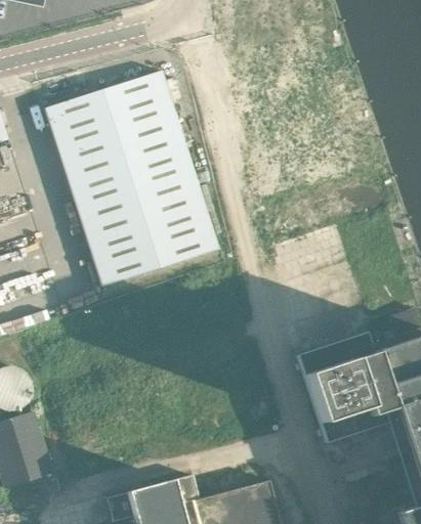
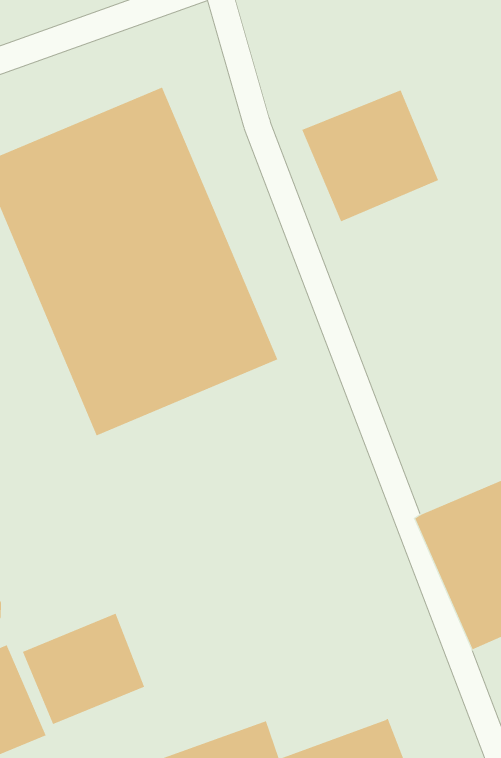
building: none -> [302,89,439,222]
building: none -> [22,613,145,725]

